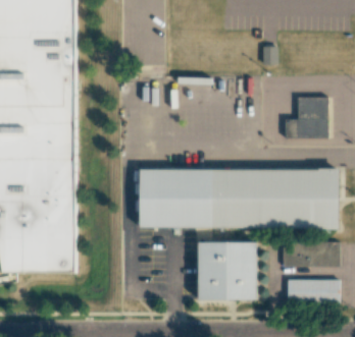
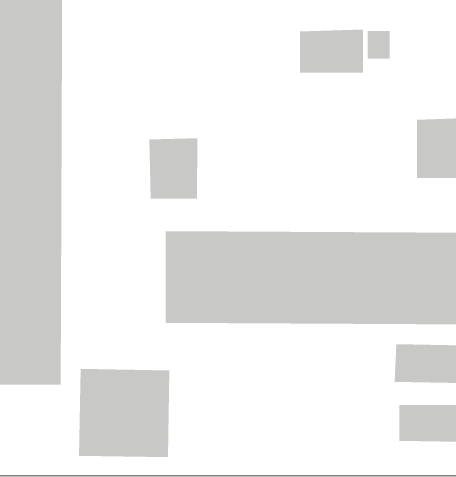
building: none -> [299,29,363,74]
building: none -> [149,138,198,200]
building: [195,243,254,300] -> [78,369,170,458]

